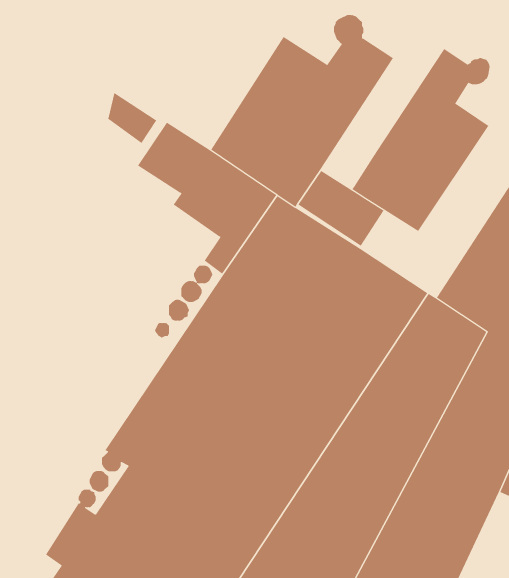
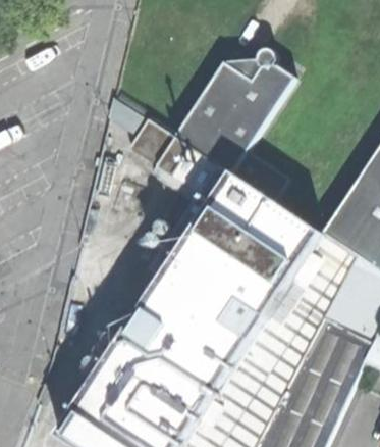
building: [351,48,490,232] -> none

